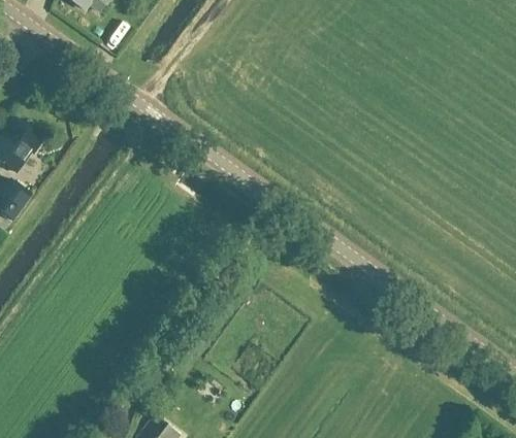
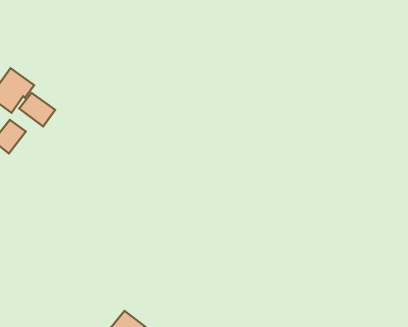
building: none -> [19,93,55,126]

